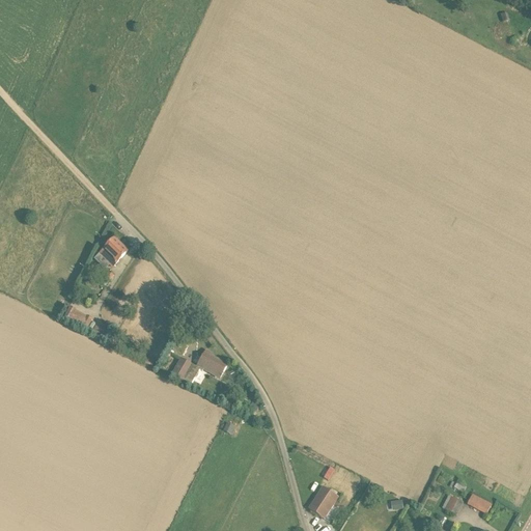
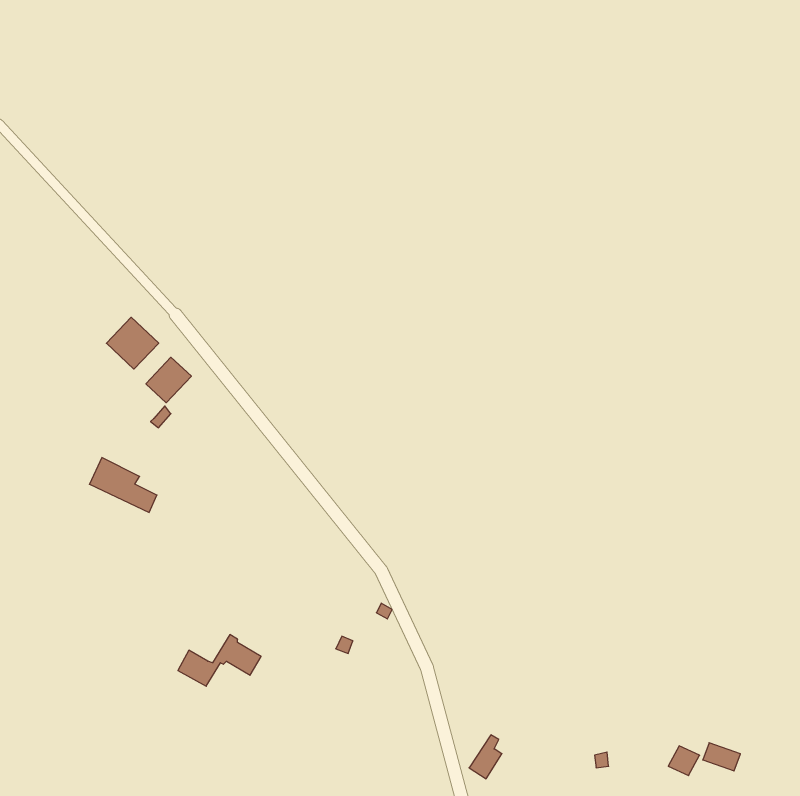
building: none -> [106,317,159,369]
building: [171,350,226,384] -> [178,635,261,686]

